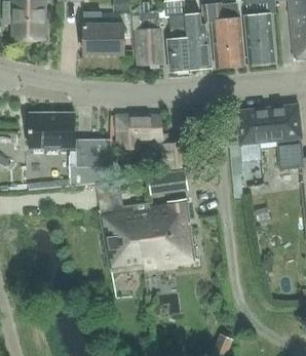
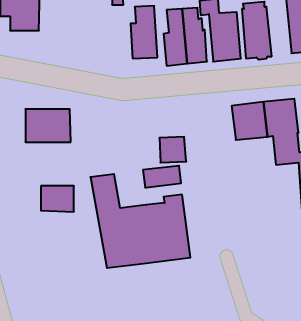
building: [83,12,123,52] -> none
building: [117,115,162,149] -> none
building: [77,141,110,166] -> [41,186,74,212]

